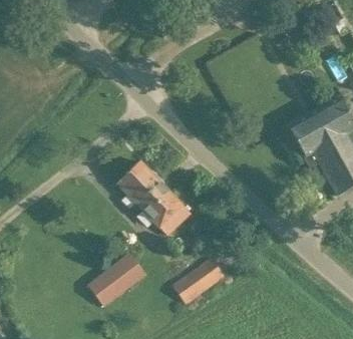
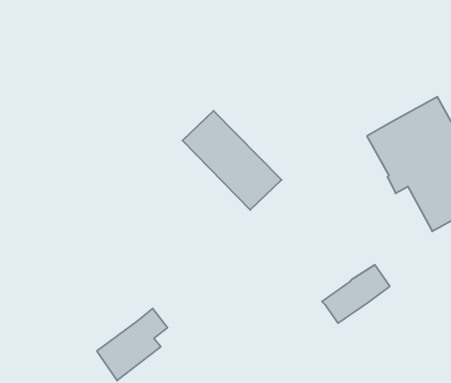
building: [117,160,191,234] -> [182,111,282,210]
building: [173,258,224,301] -> [322,265,390,323]

